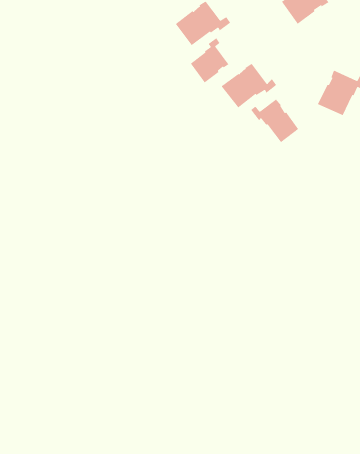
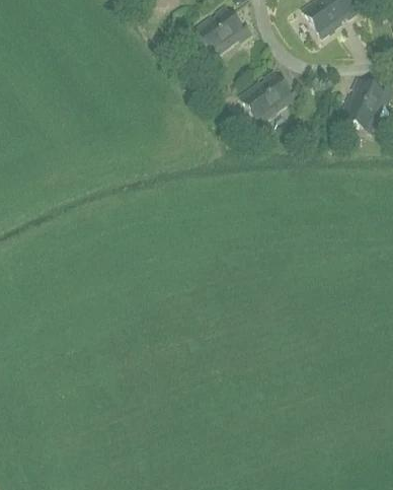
building: [190,37,230,84] -> none
building: [250,99,299,143] -> none

